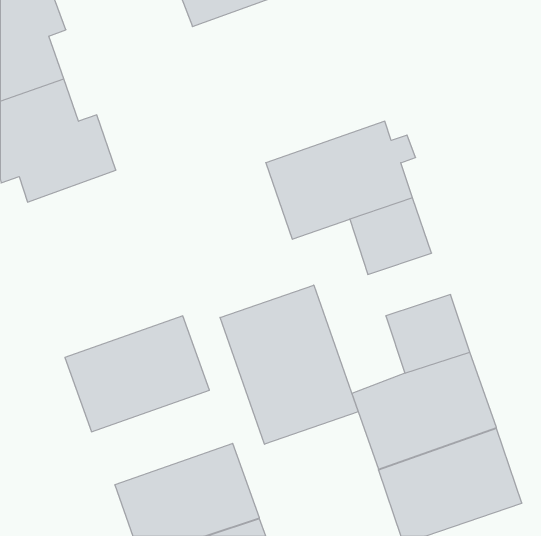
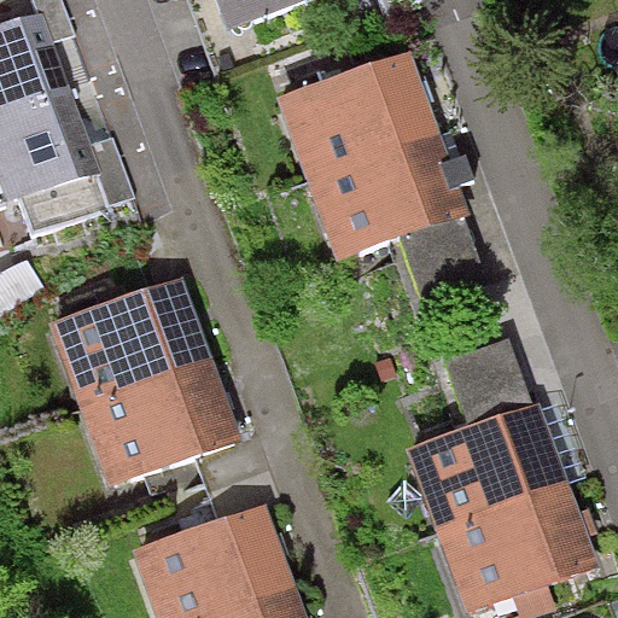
building: none -> [276,52,439,183]
building: none -> [46,273,210,404]
building: [220,285,358,444] -> none

